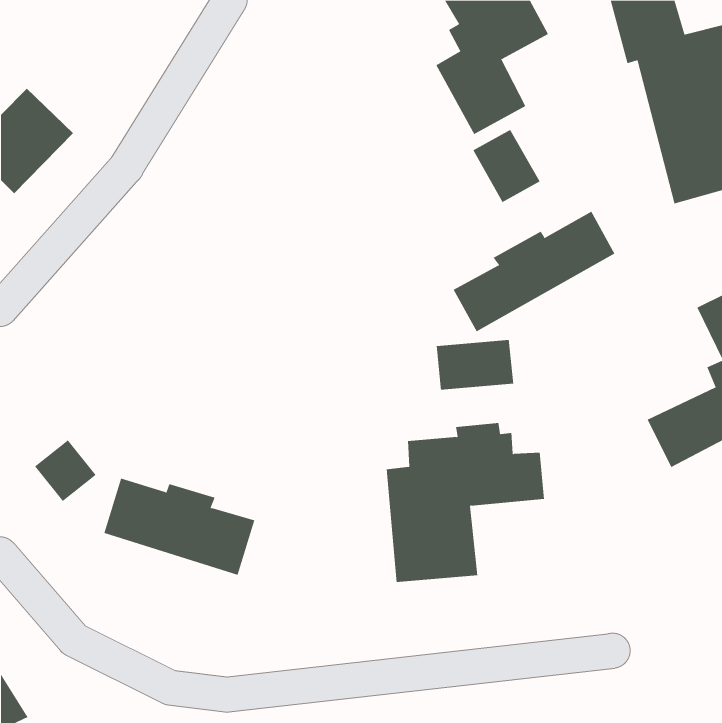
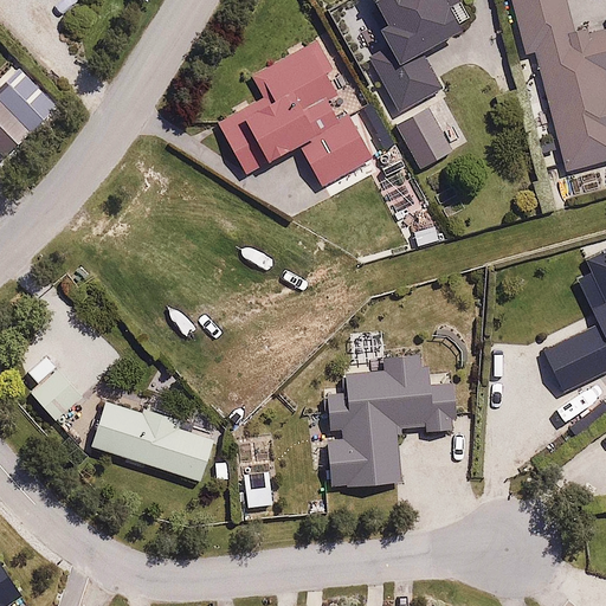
building: none -> [221,41,374,186]
building: [453,211,615,332] -> none
building: [436,339,514,391] -> none

